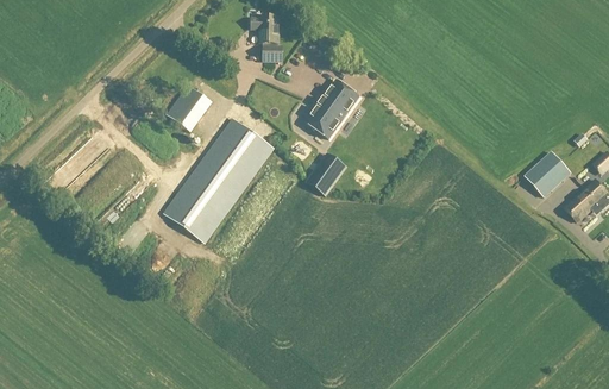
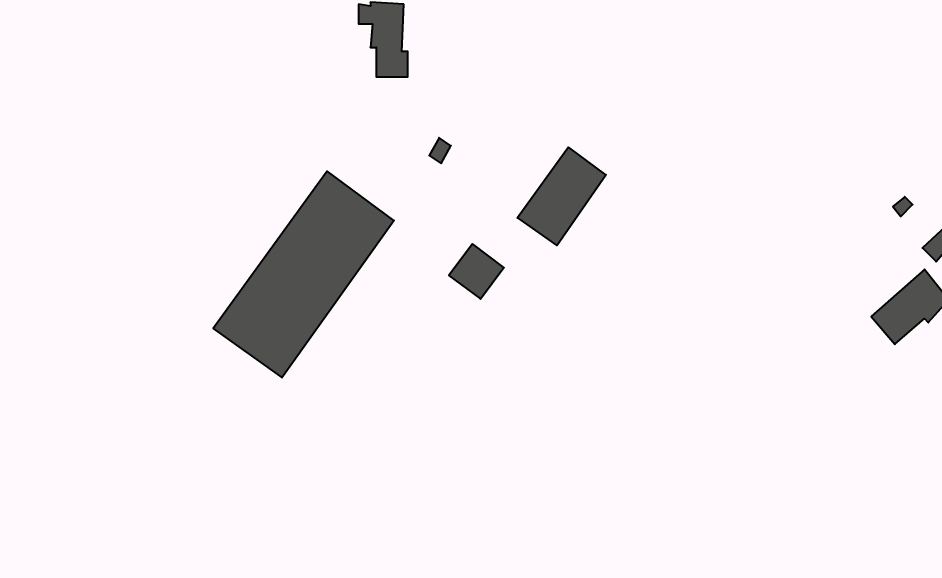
building: [304,79,358,138] -> [517,147,606,245]
building: [167,86,211,131] -> none
building: [523,151,570,196] -> none

